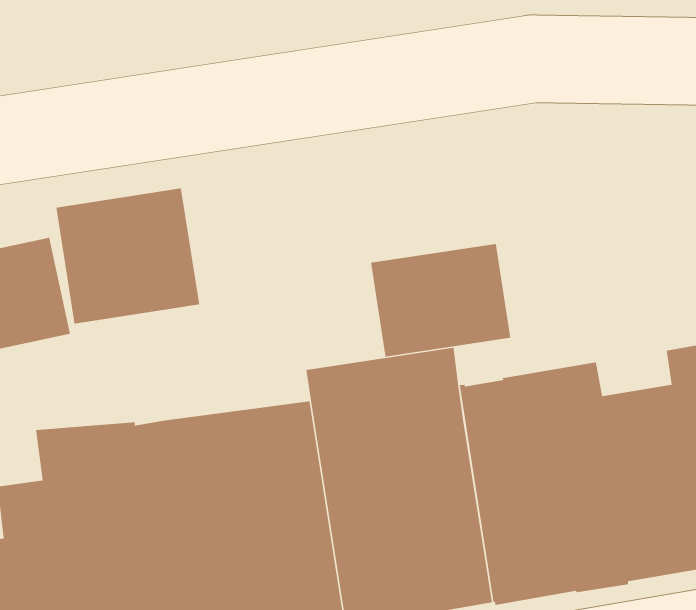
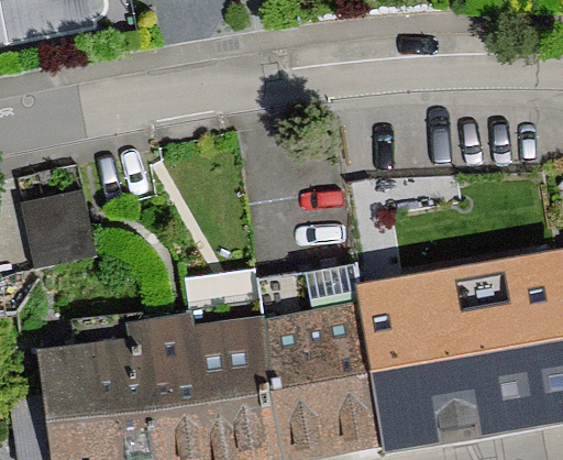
building: [55,188,200,325] -> none
building: [370,243,511,358] -> none

